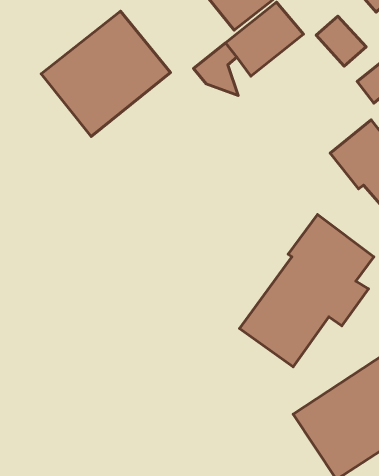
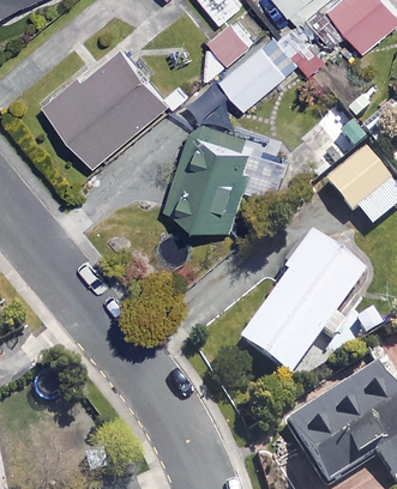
building: none -> [164,116,283,228]

